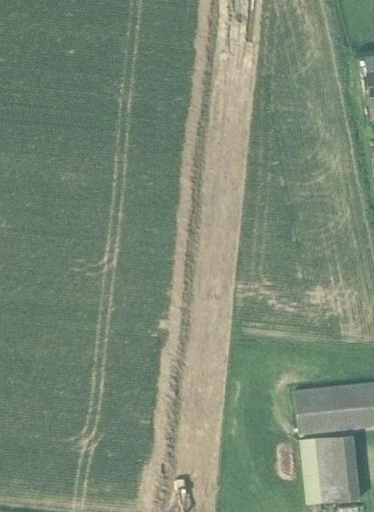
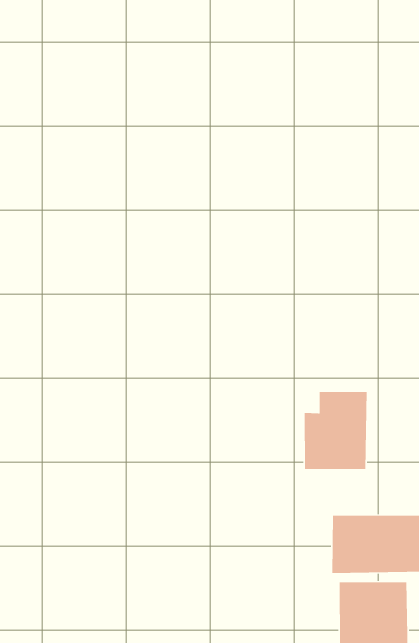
building: none -> [304,391,367,470]

